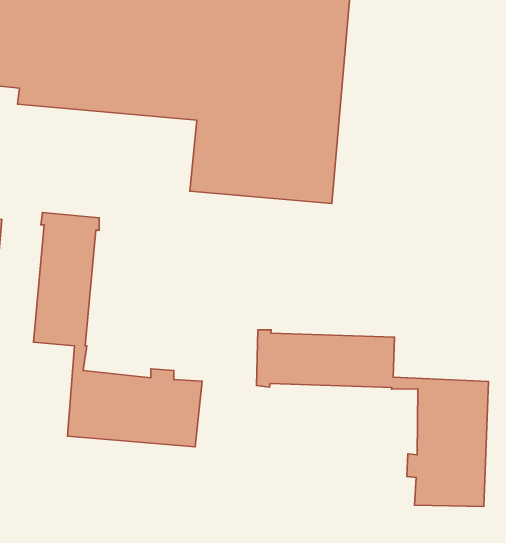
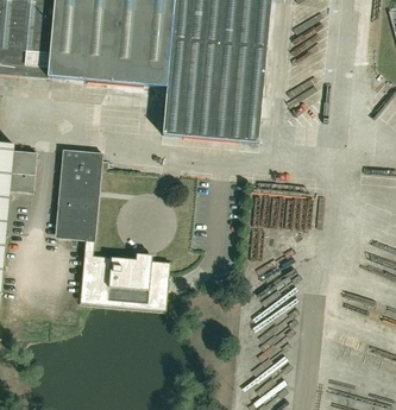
building: [257,330,488,506] -> none

